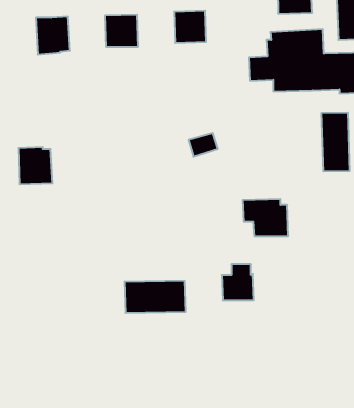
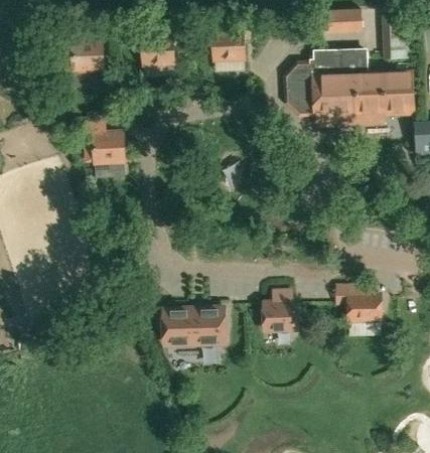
building: [322,113,350,171] -> none
building: [18,147,53,184] -> [91,129,126,167]
building: [243,199,288,236] -> [334,286,382,324]

